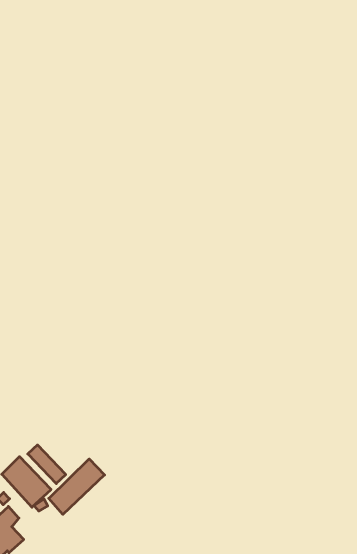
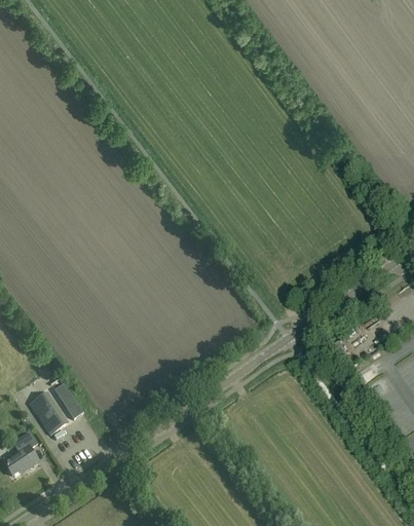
building: [49,459,105,514] -> none

